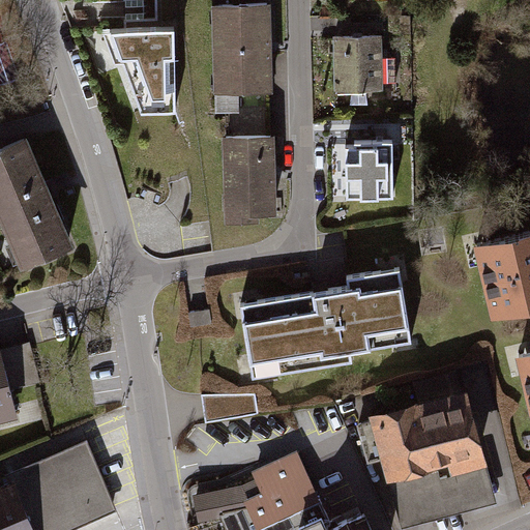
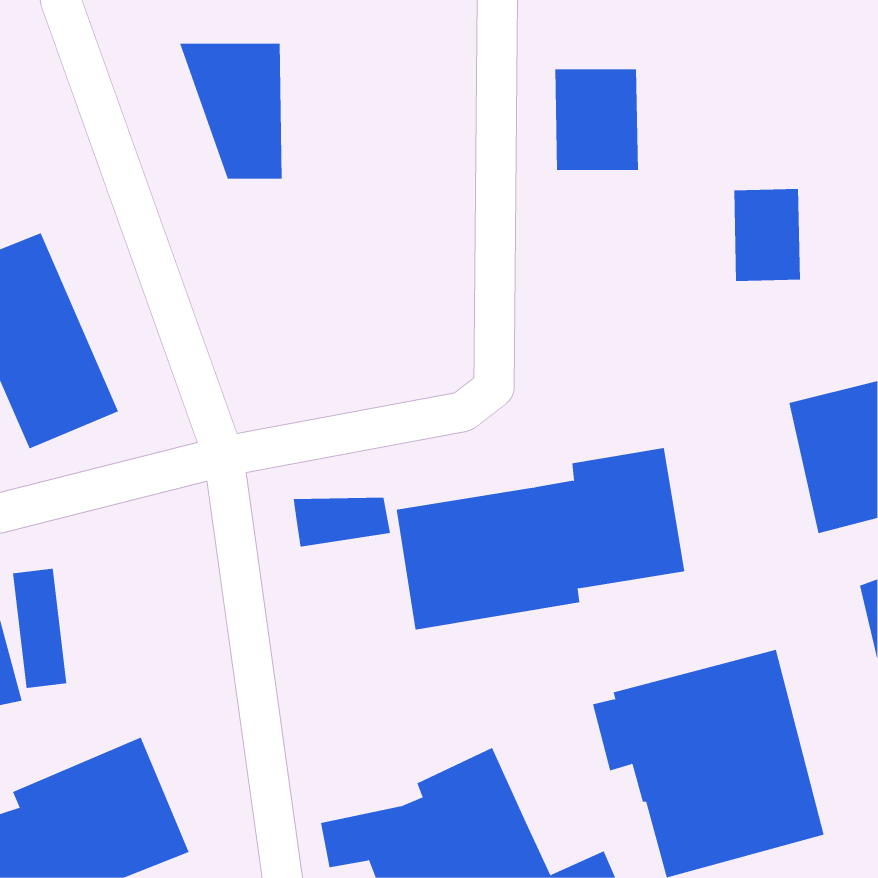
building: [214,7,272,100] -> none
building: [223,142,268,216] -> none
building: [352,146,392,202] -> [734,188,801,281]
building: [200,392,259,422] -> [293,497,391,547]

